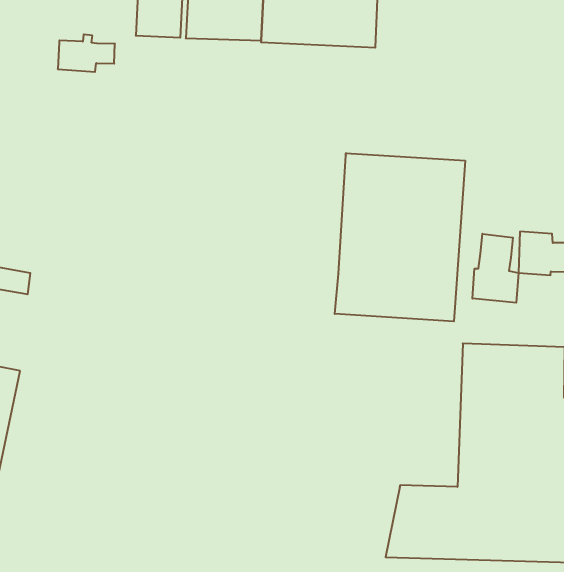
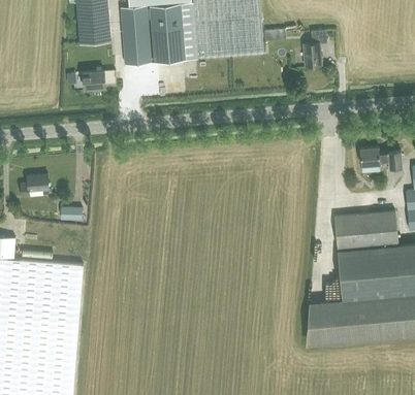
building: none -> [304,30,326,67]
building: [335,153,465,321] -> none
building: [472,234,518,303] -> none

